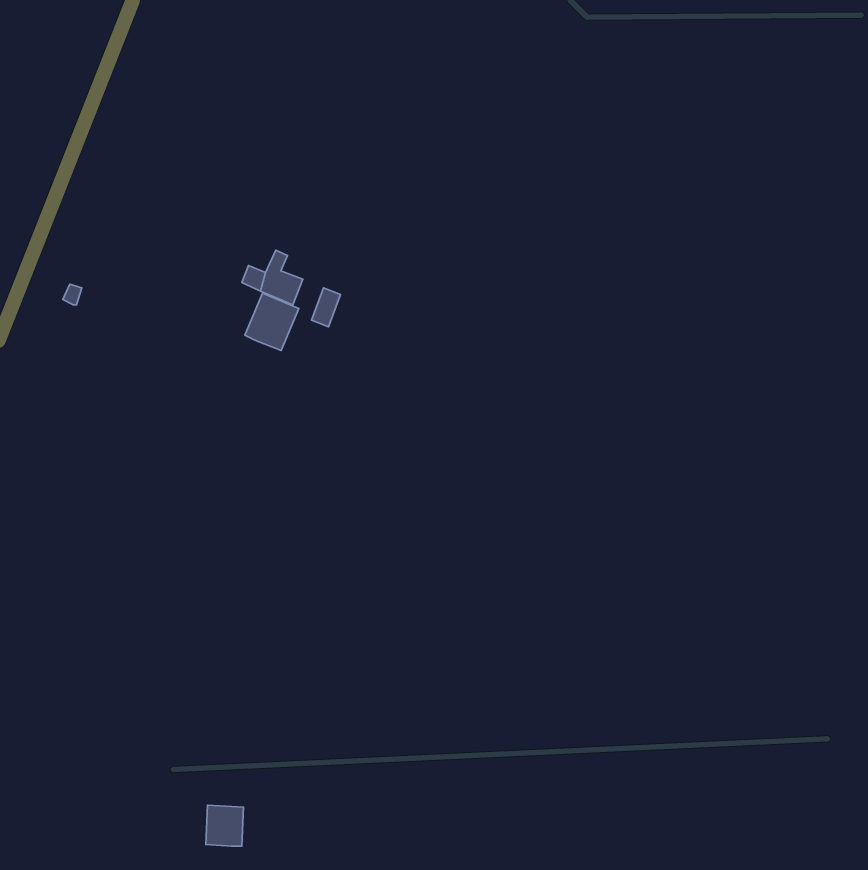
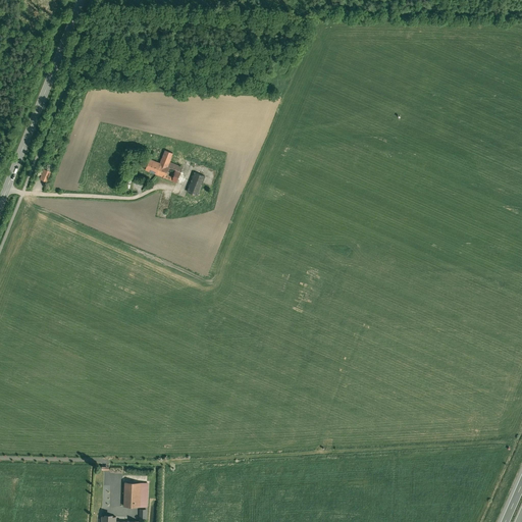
building: [245,293,299,350] -> none

